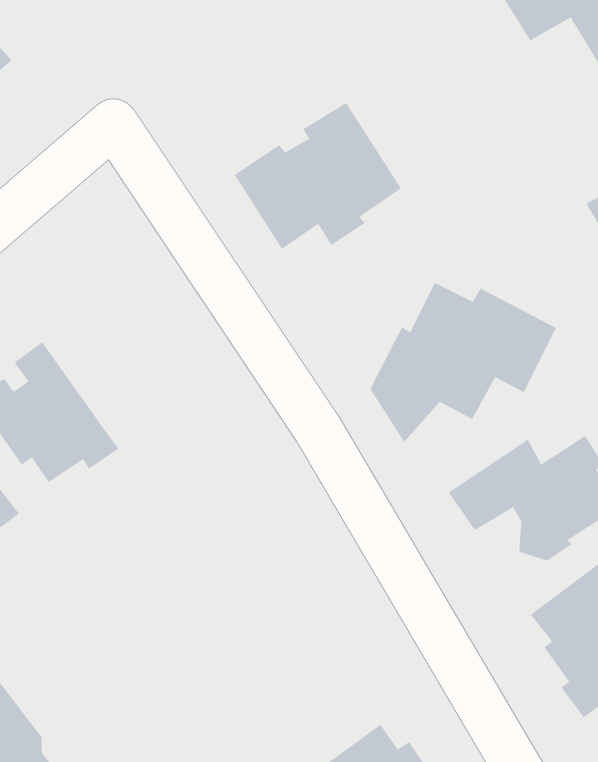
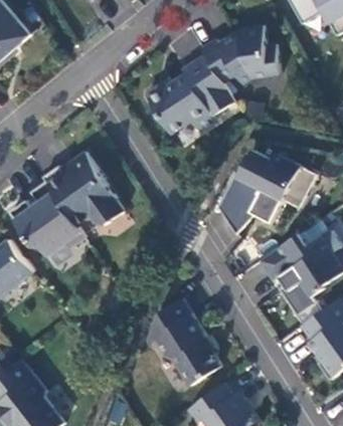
building: none -> [201,25,280,83]
building: none -> [42,152,123,226]
building: none -> [143,298,220,385]

